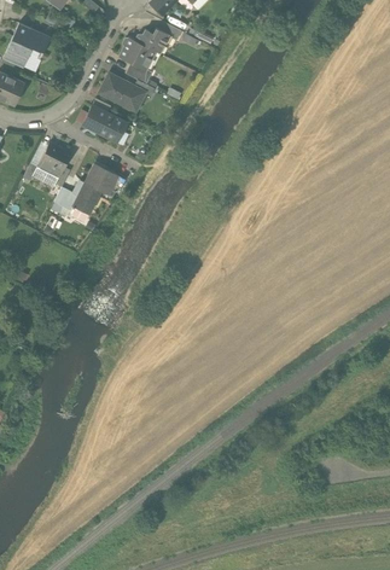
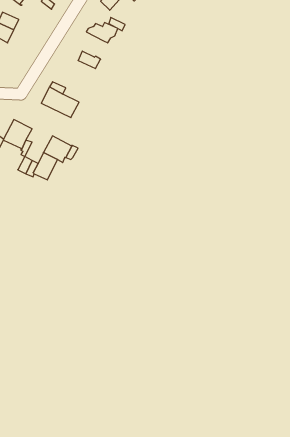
building: [118,37,155,70] -> none
building: [99,74,145,111] -> none

